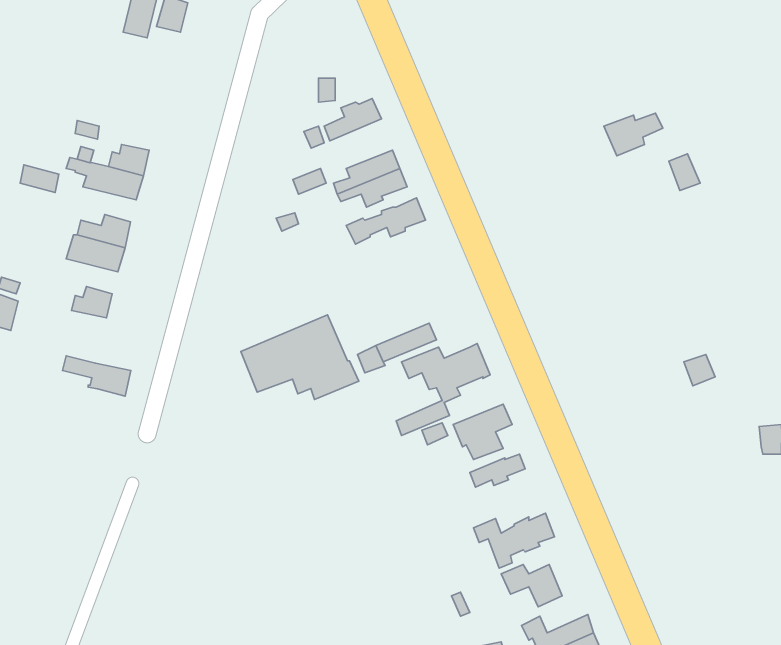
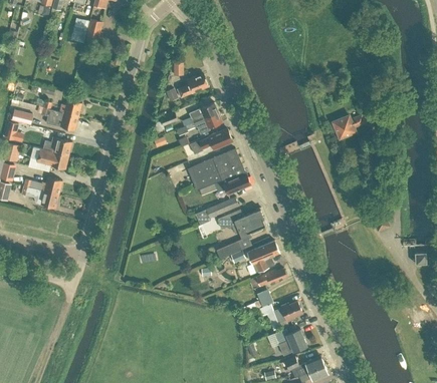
building: [604,113,663,156] -> [334,114,366,137]
building: [241,315,359,400] -> [188,148,252,195]
building: [62,356,131,396] -> [22,185,59,208]

